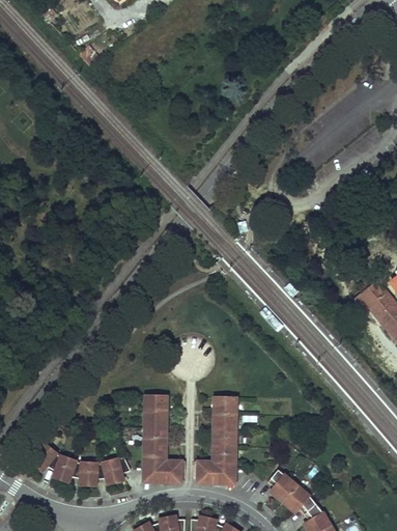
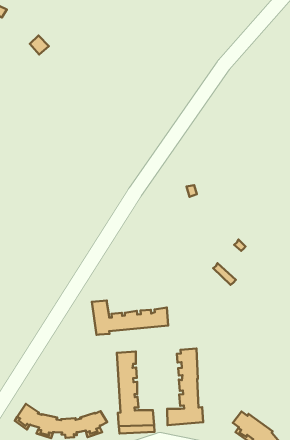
building: none -> [92,301,168,335]

